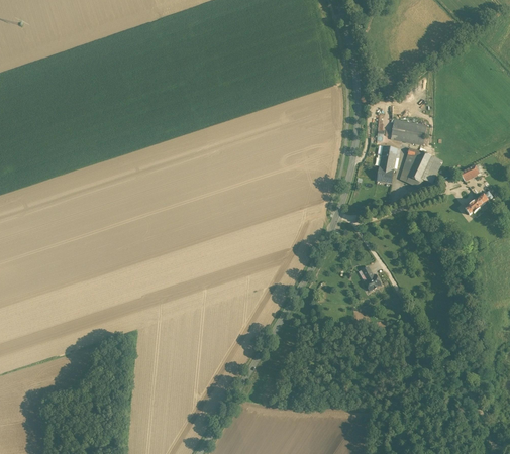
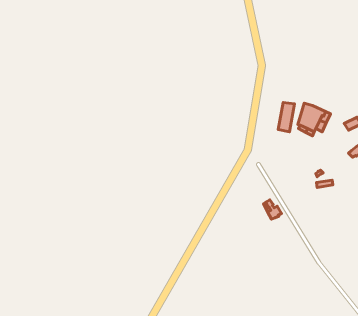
building: [390,119,426,144] -> none

